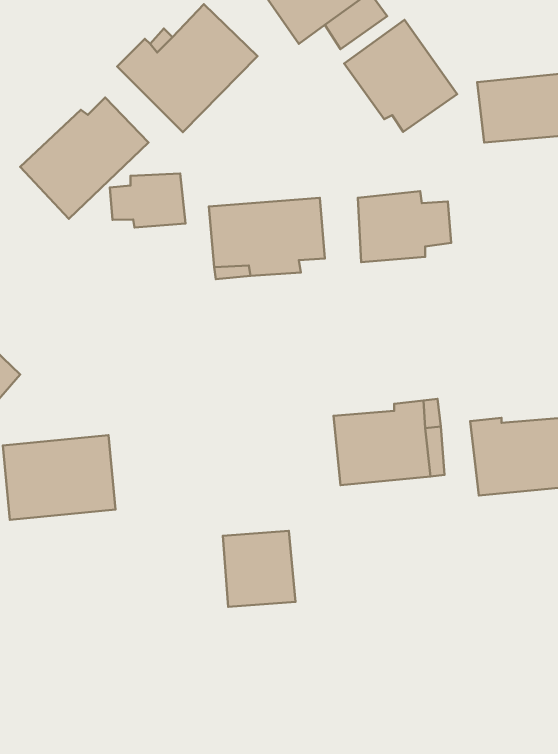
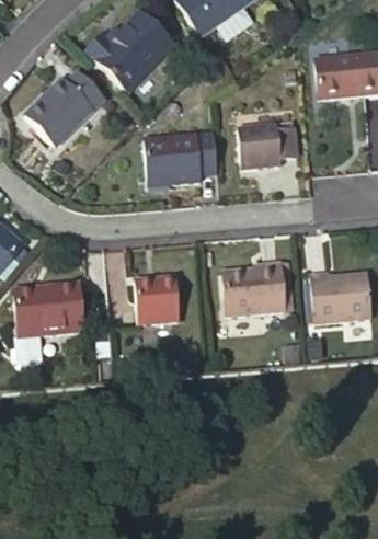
building: [344,20,457,132] -> none
building: [110,174,185,227] -> none
building: [223,531,296,607] -> [134,275,180,323]

